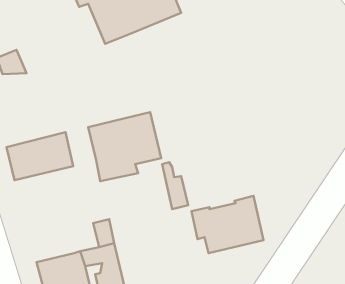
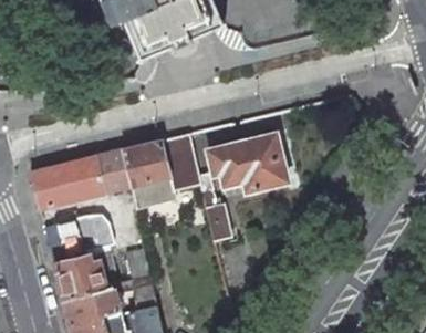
building: none -> [94,150,128,194]
building: none -> [52,217,114,300]
building: [192,196,263,253] -> [206,133,285,196]

